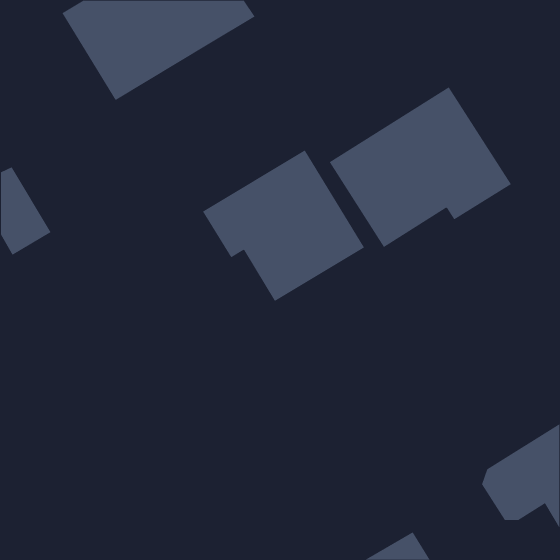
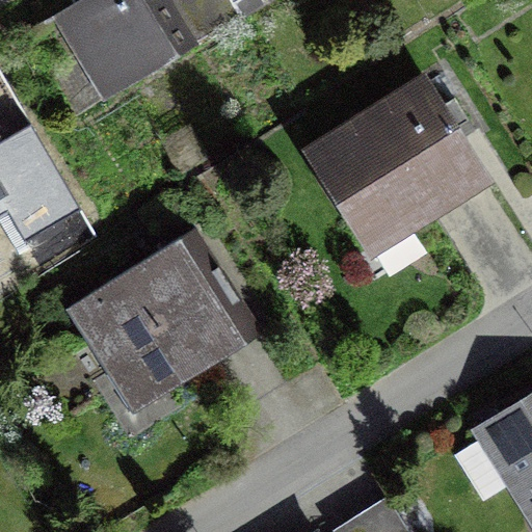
building: [202,150,365,302] -> none
building: none -> [70,237,255,397]

